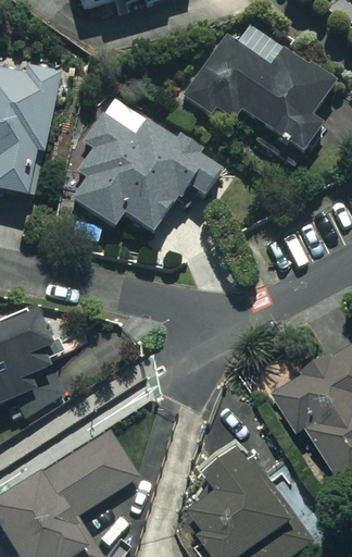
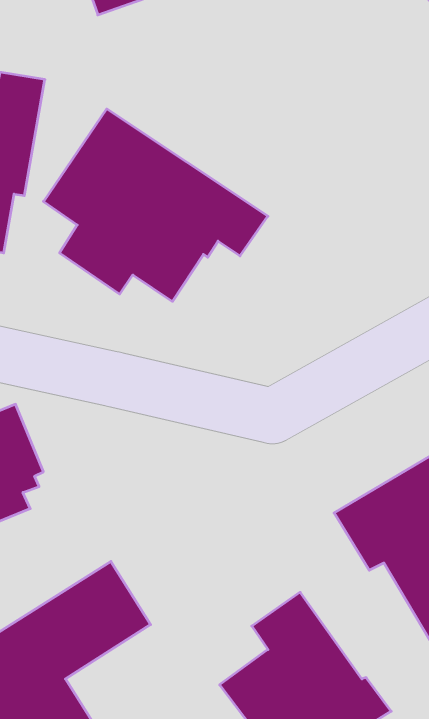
building: [178,24,336,169] -> none

